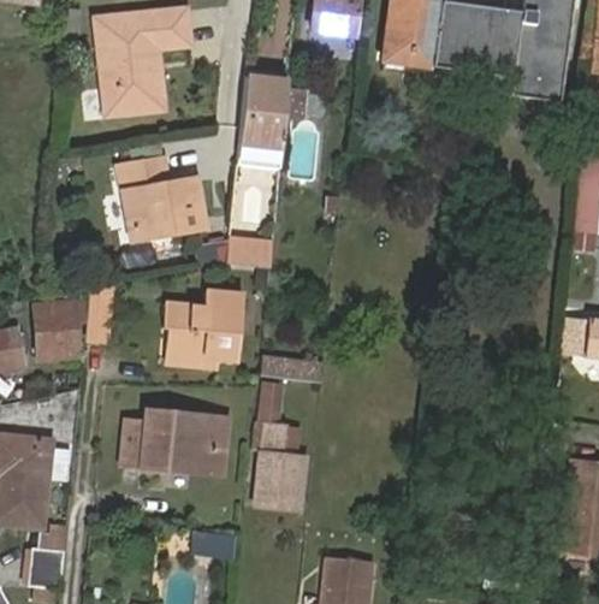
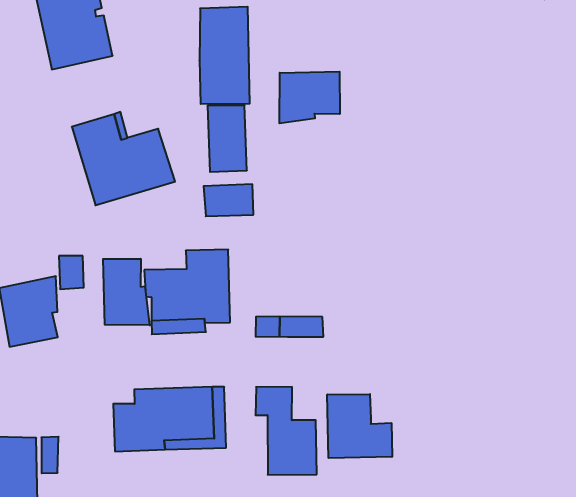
building: none -> [279,72,340,123]
building: none -> [103,259,150,325]
building: none -> [327,394,392,458]

